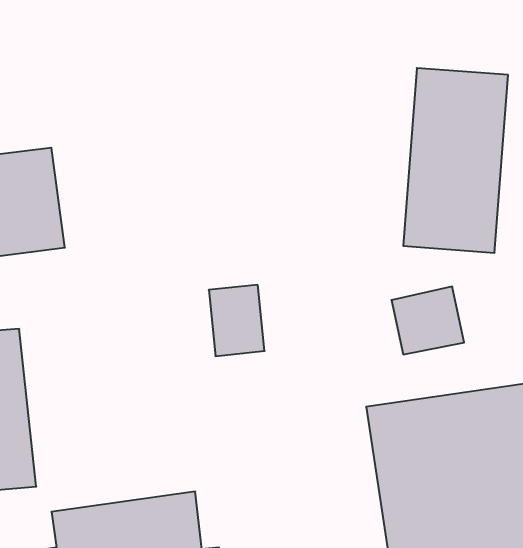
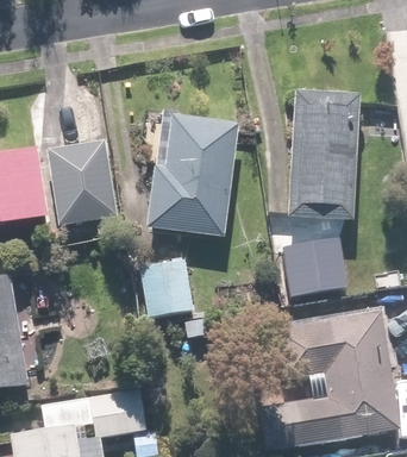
building: none -> [143,113,237,237]
building: none -> [46,134,117,246]

